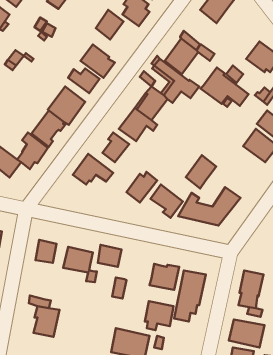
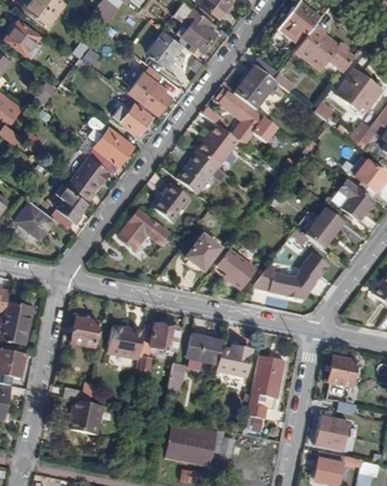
building: [201,67,248,106] -> [295,24,355,72]
building: [186,155,216,189] -> [304,207,343,249]
building: [145,301,174,330] -> [186,334,222,370]

